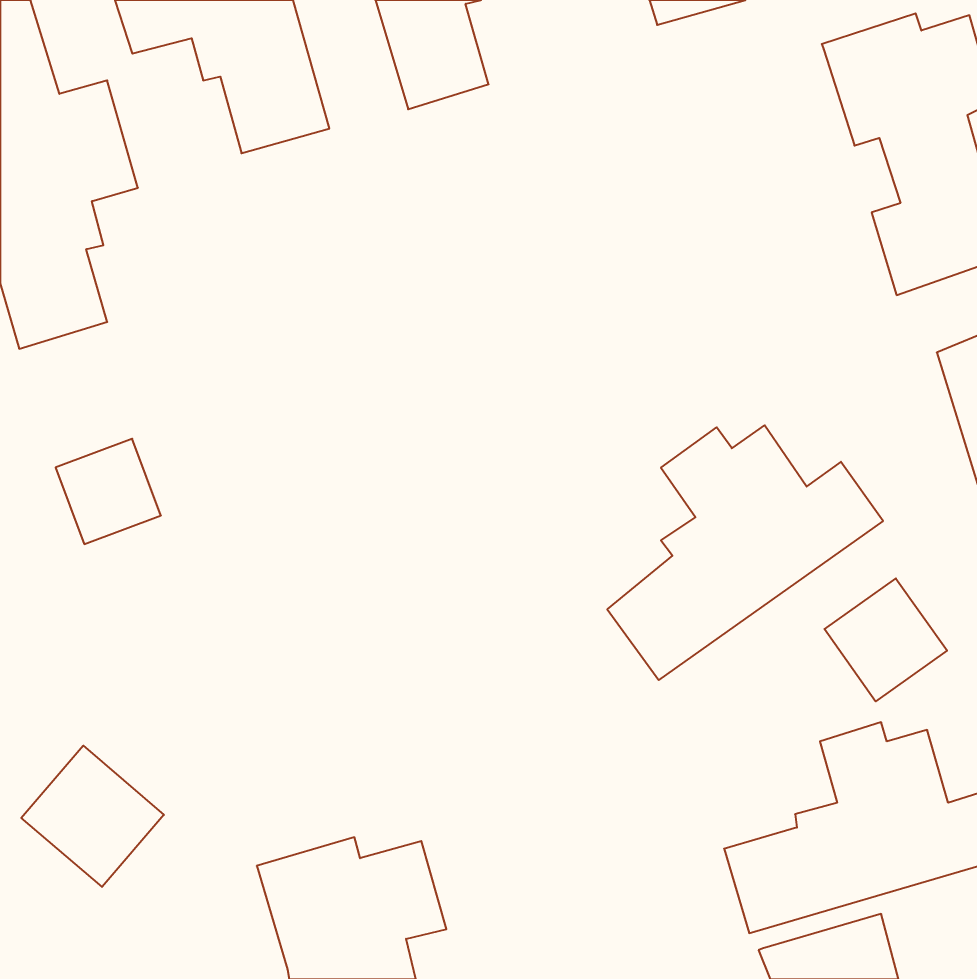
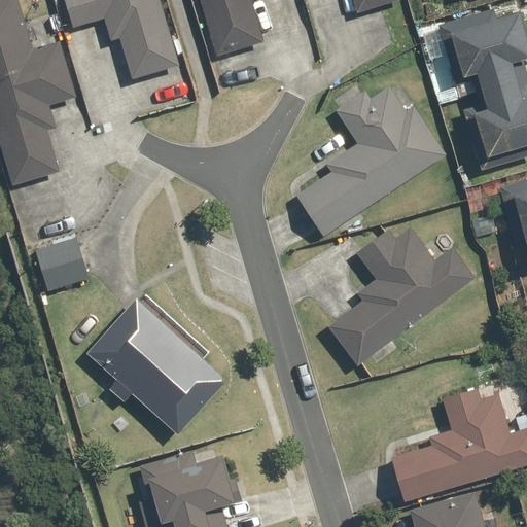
building: none -> [294,87,445,236]
building: none -> [86,298,226,437]
building: [824,578,947,701] -> none
building: [21,746,164,887] -> none

